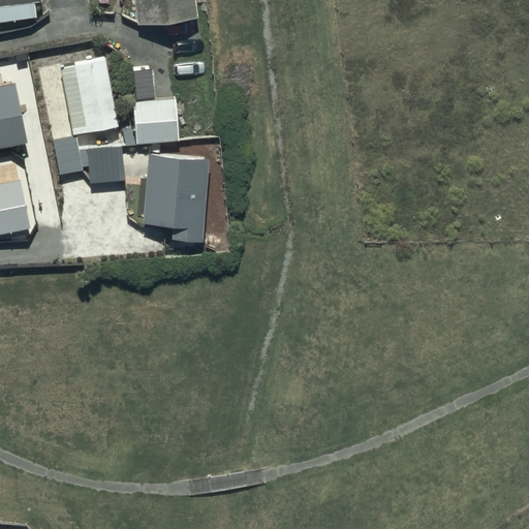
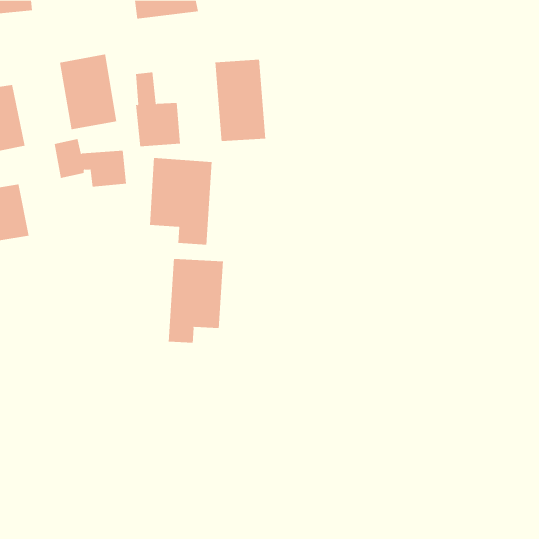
building: none -> [215,59,266,142]
building: none -> [168,258,224,343]

